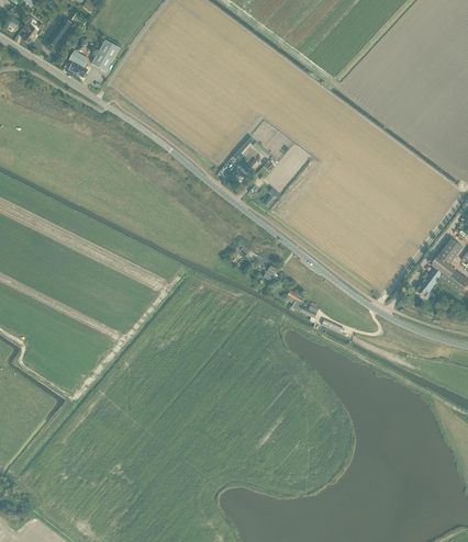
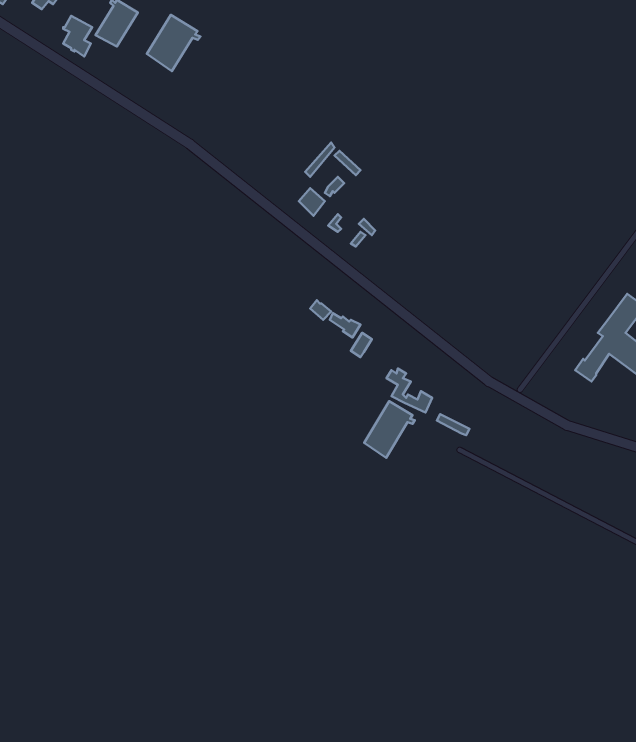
building: none -> [147,15,200,71]
building: none -> [364,401,415,458]

